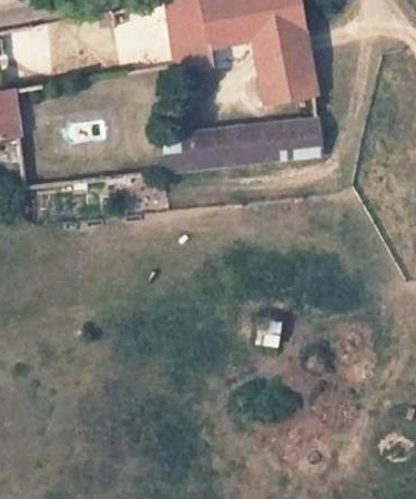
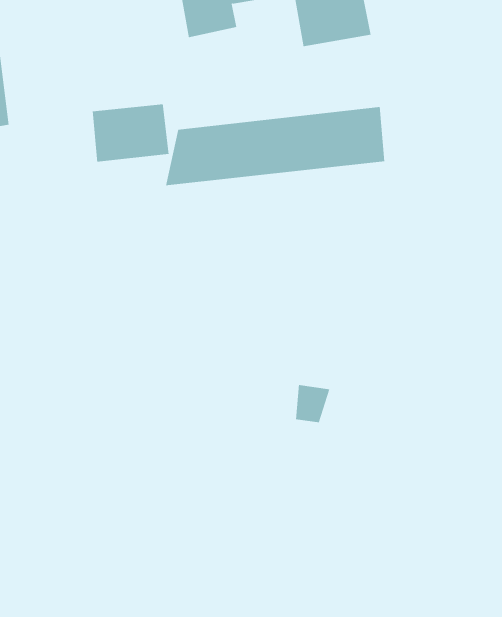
building: [262,64,315,96] -> none
building: none -> [92,103,169,163]

